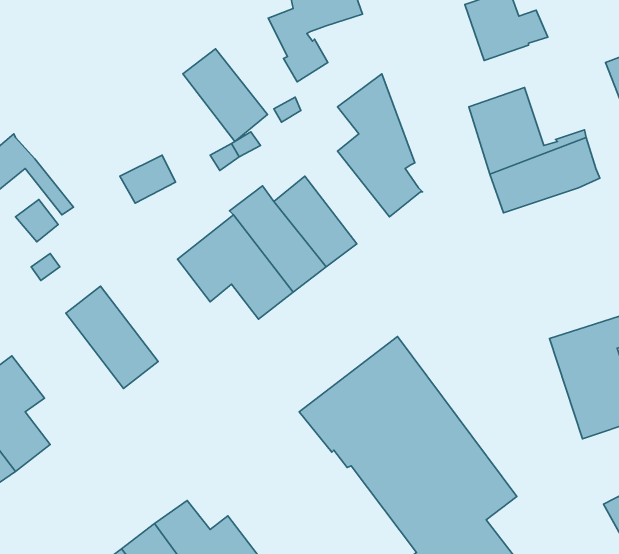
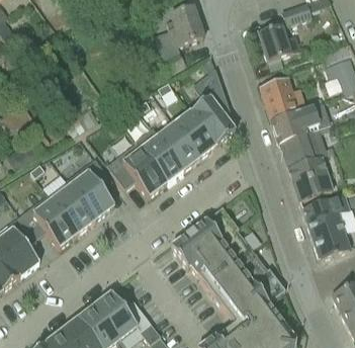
building: [183,49,268,142] -> [173,109,217,158]
building: none -> [277,128,328,201]
building: none -> [66,159,114,220]
building: none -> [19,194,78,248]

